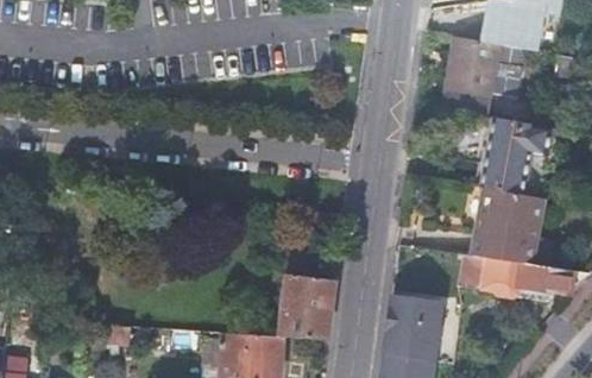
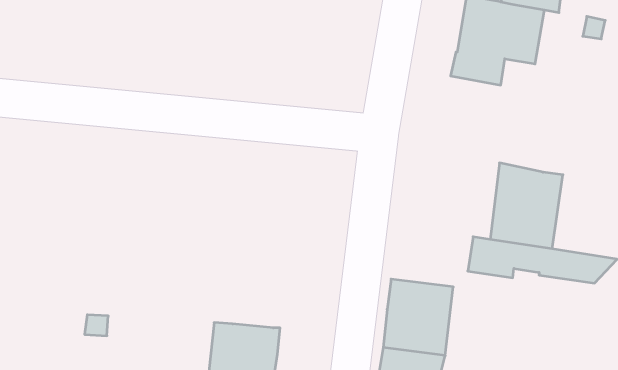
building: [479,116,553,195] -> none
building: [281,275,330,338] -> none

